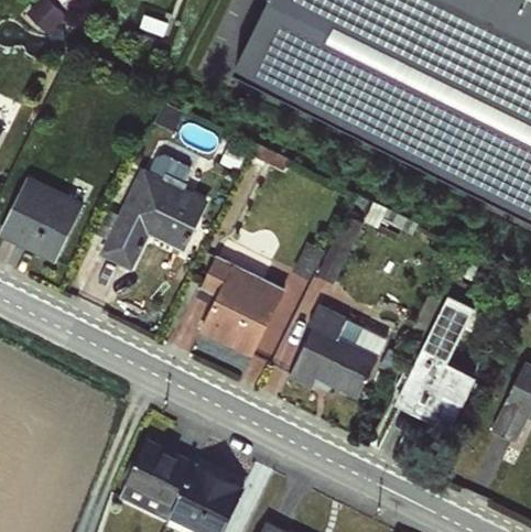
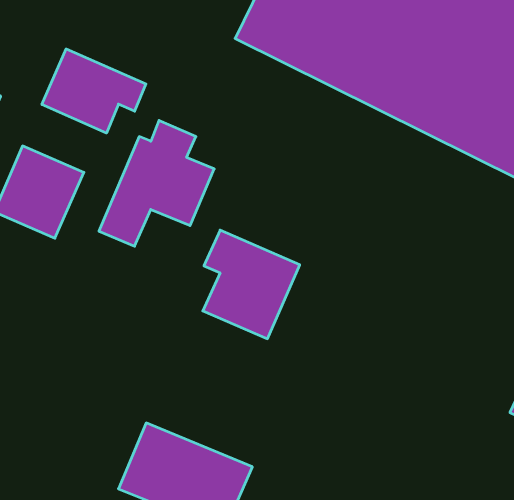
building: none -> [42,49,146,133]
building: [400,294,478,426] -> none
building: [290,305,389,398] -> none

